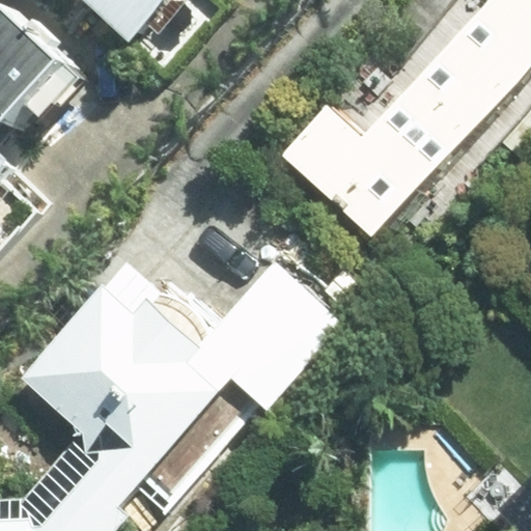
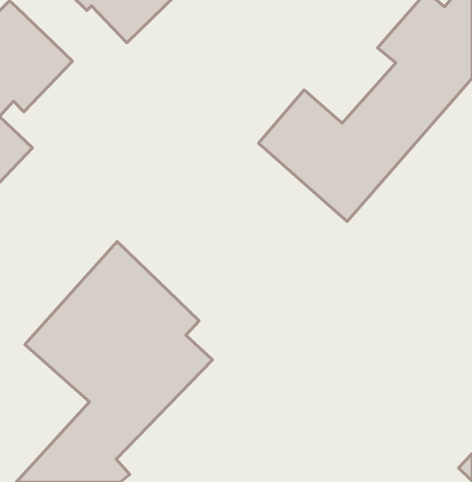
building: [222,276,336,391] -> none

